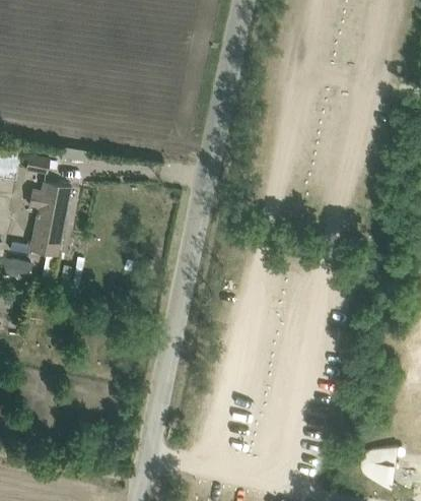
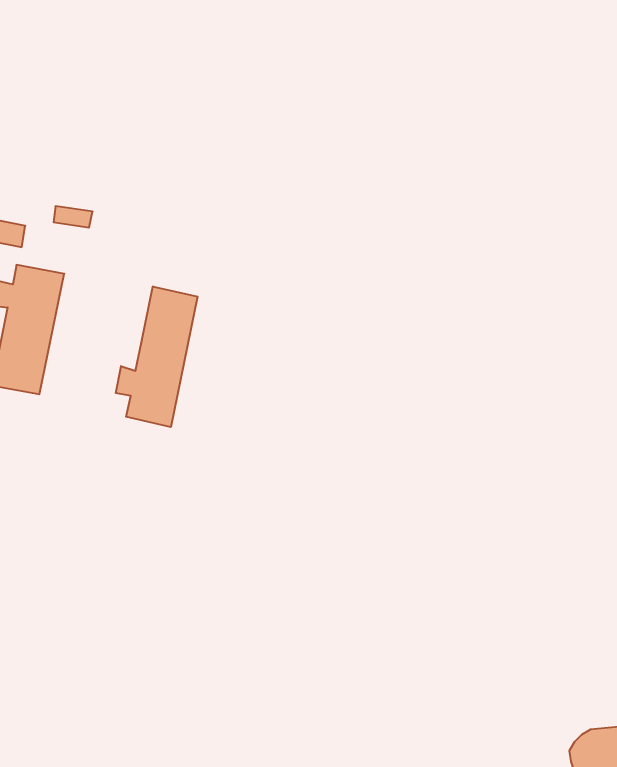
building: none -> [116,286,198,427]

